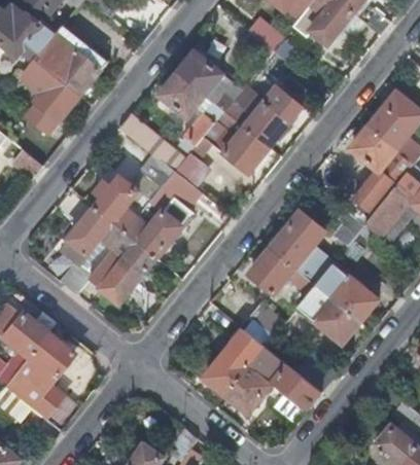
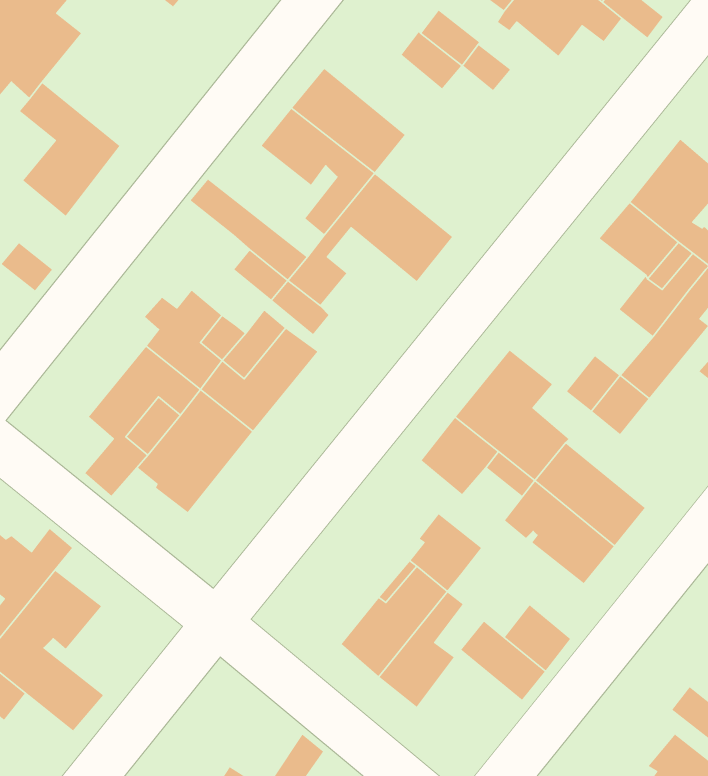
building: [35,25,107,95] -> none
building: [223,83,301,146] -> none

